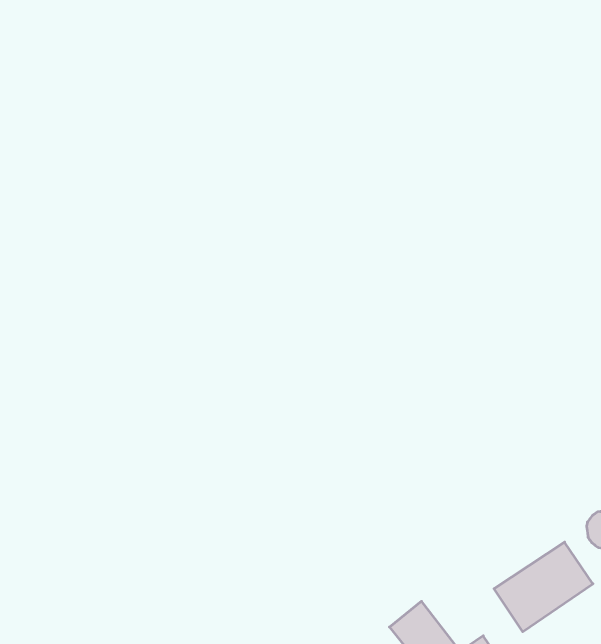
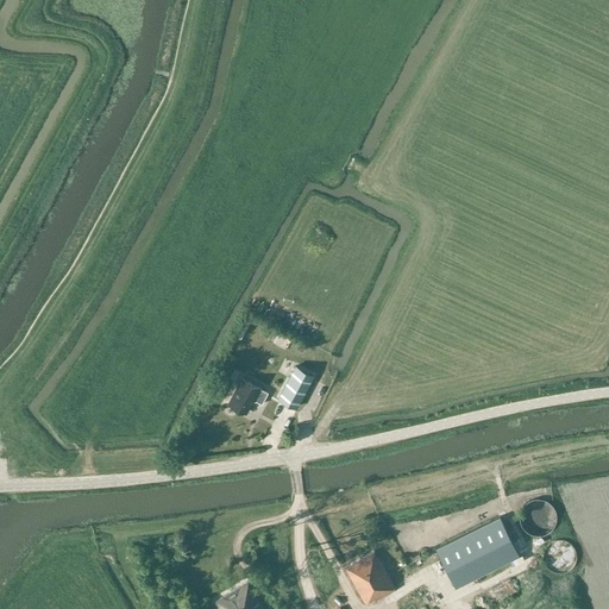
building: none -> [278,368,314,409]
building: none -> [227,378,268,415]

